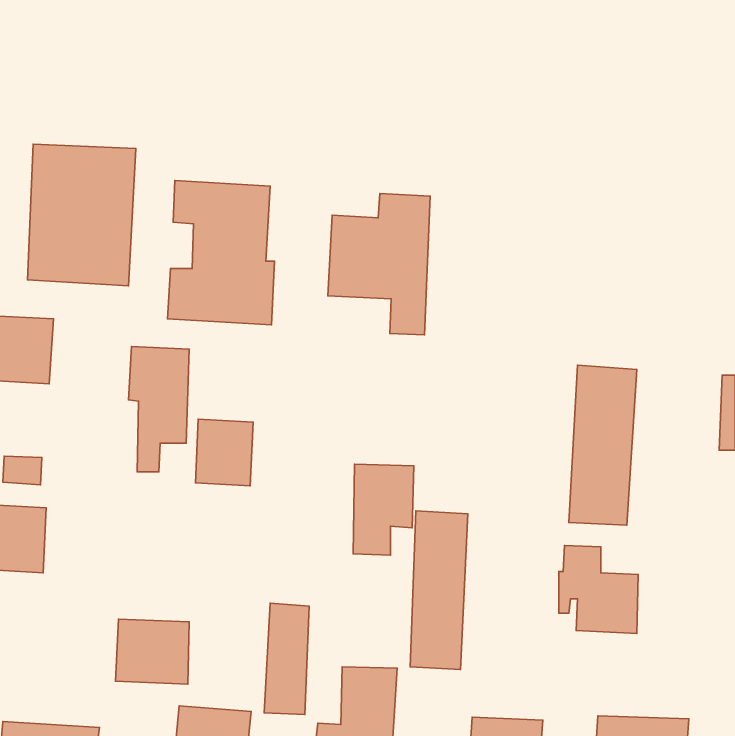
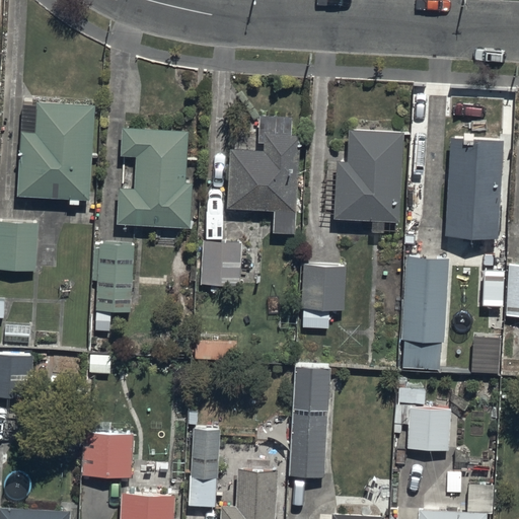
building: none -> [443,125,501,229]
building: none -> [338,133,404,222]
building: [195,419,253,486] -> [201,241,241,288]
building: [353,464,414,555] -> [301,268,344,331]

